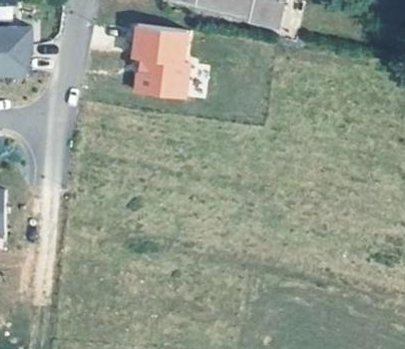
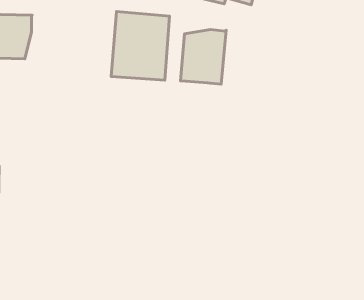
building: none -> [181,30,226,84]

